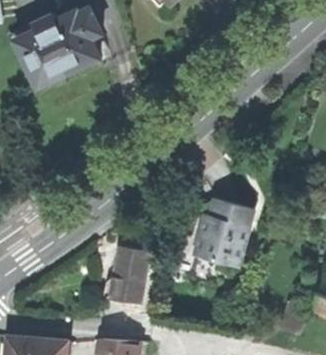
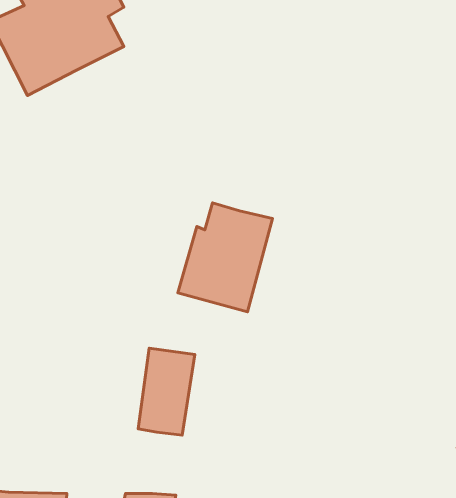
building: [193,200,253,269] -> [178,203,273,312]

